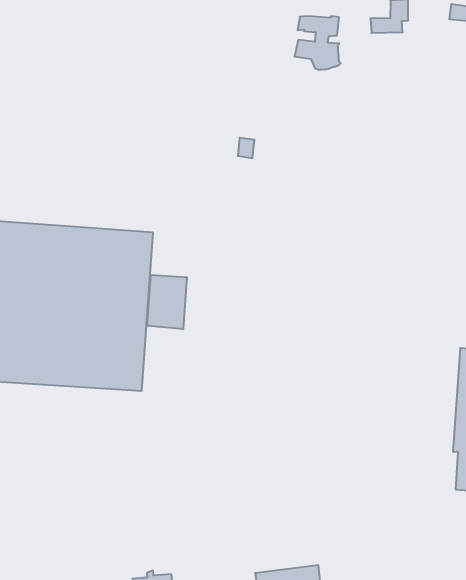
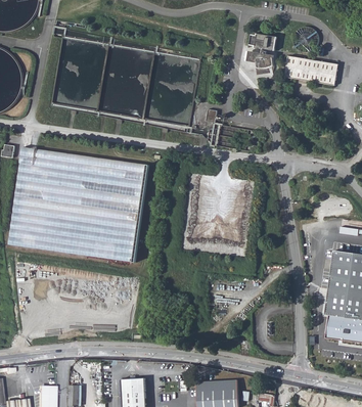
building: none -> [284,55,337,85]
building: [147,275,187,329] -> none

